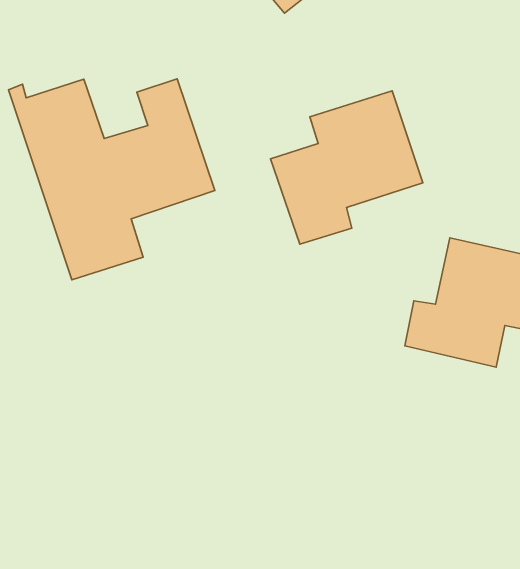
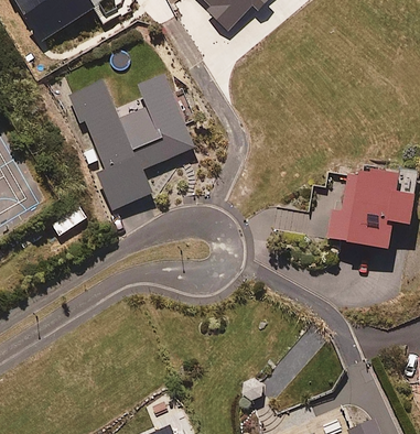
building: [270,91,423,244] -> none

